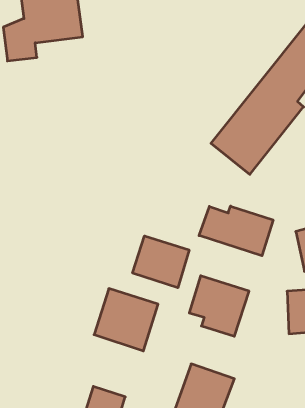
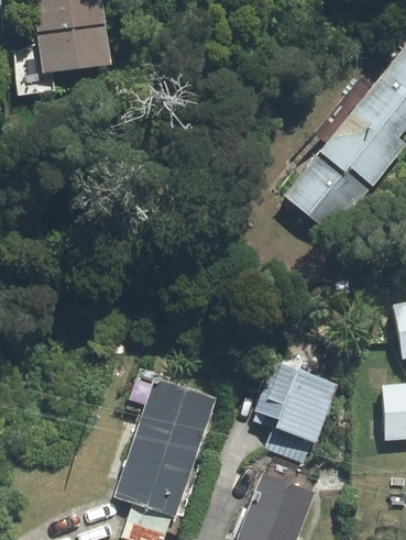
building: [199,206,273,256] -> none
building: [133,236,189,288] -> none
building: none -> [117,440,198,518]

